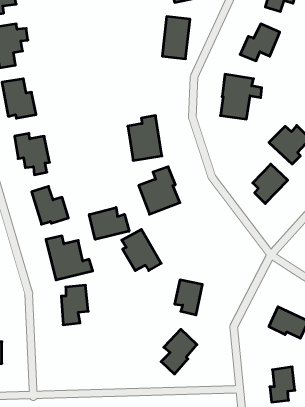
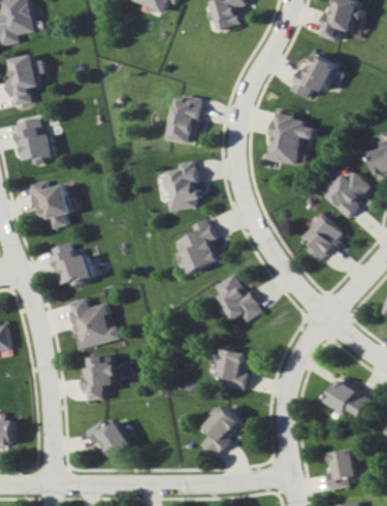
building: [162,17,190,59] -> [167,95,199,144]
building: [89,207,129,239] -> none
building: [122,229,161,271] -> [215,274,260,321]
building: none -> [87,420,130,454]

